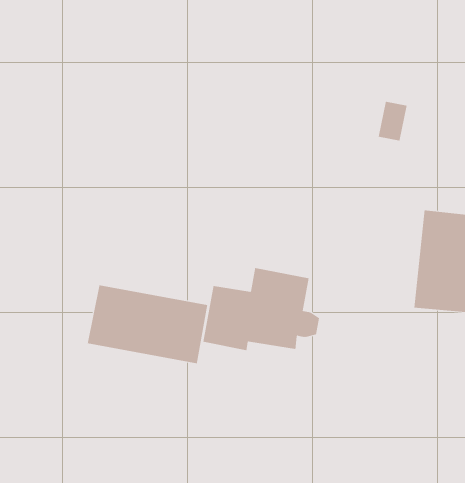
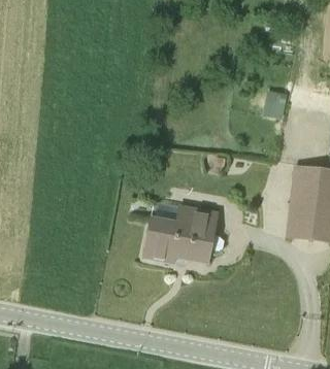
building: [87,285,208,364] -> none

